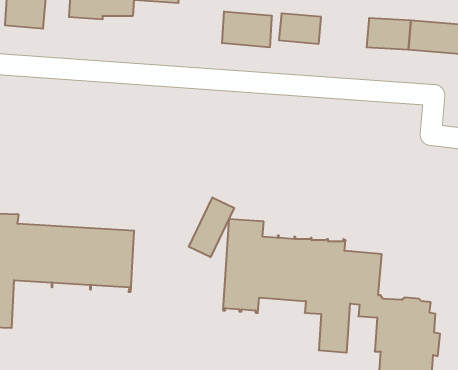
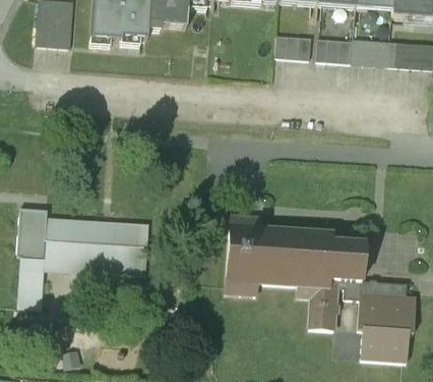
building: [222,11,272,47] -> none
building: none -> [316,38,353,64]
building: [189,197,234,257] -> none

